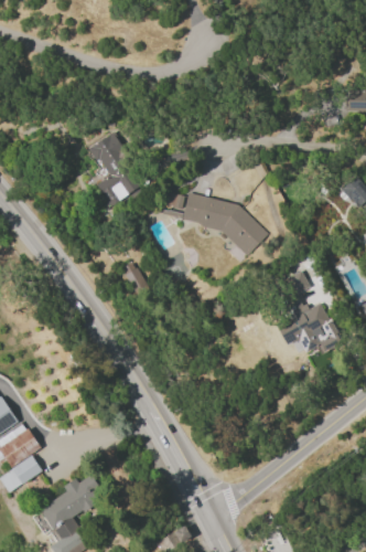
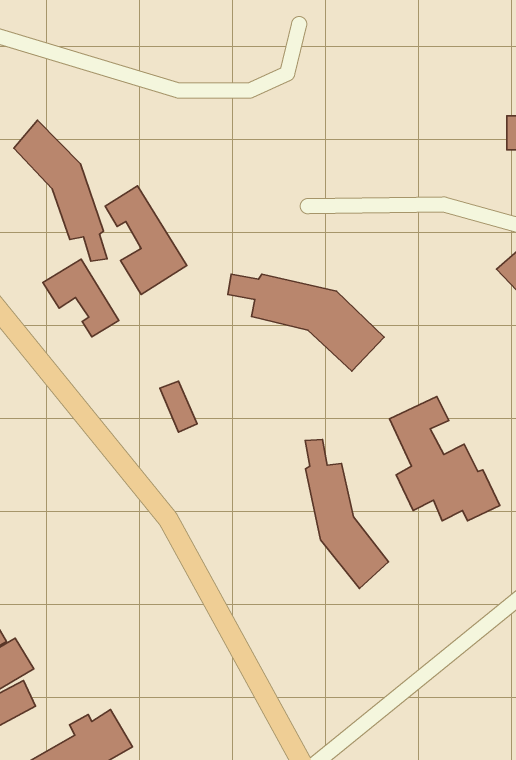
building: none -> [14,120,107,261]
building: none -> [43,259,119,337]
building: none -> [305,439,388,589]

